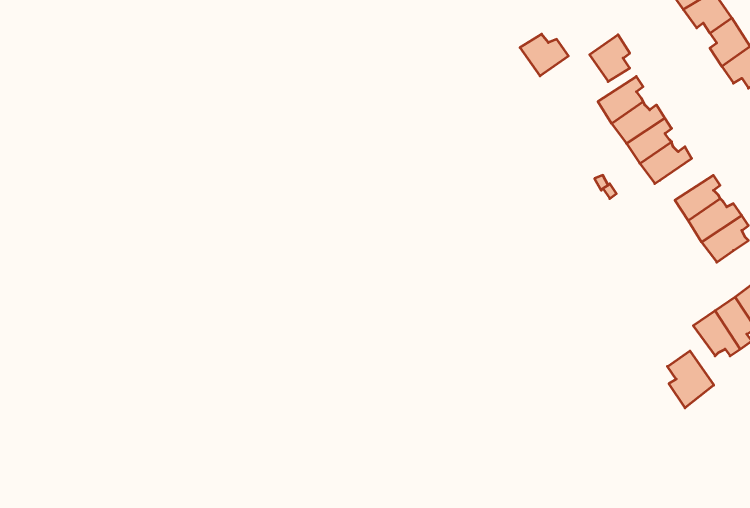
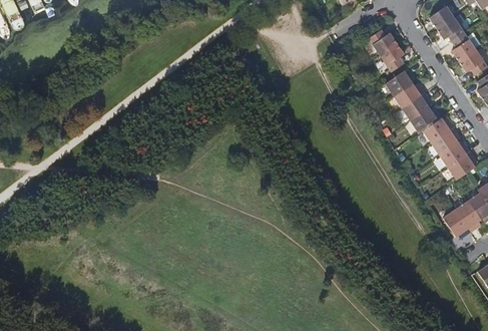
building: [520,34,568,76] -> [368,30,397,55]
building: none -> [422,117,454,142]
building: [667,351,714,408] -> none

